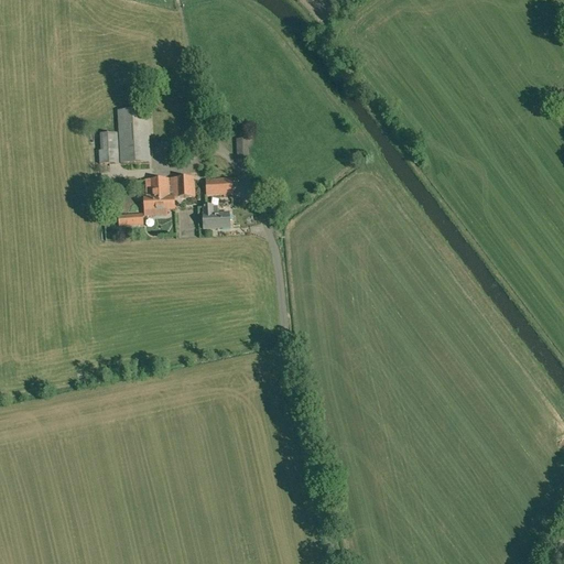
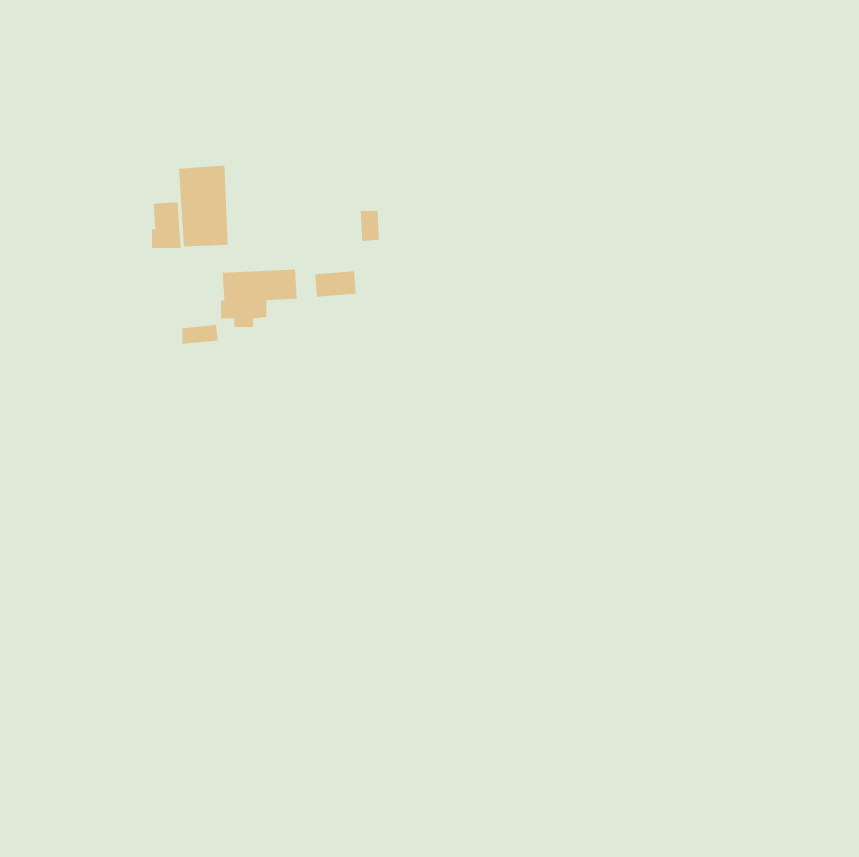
building: [203,205,230,228] -> none

